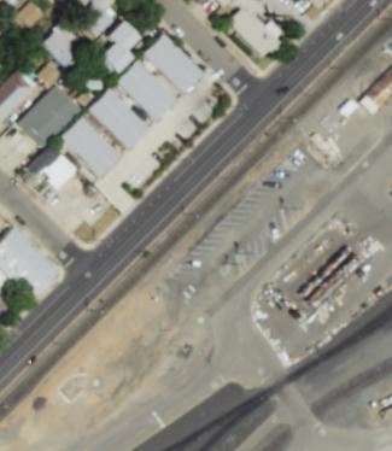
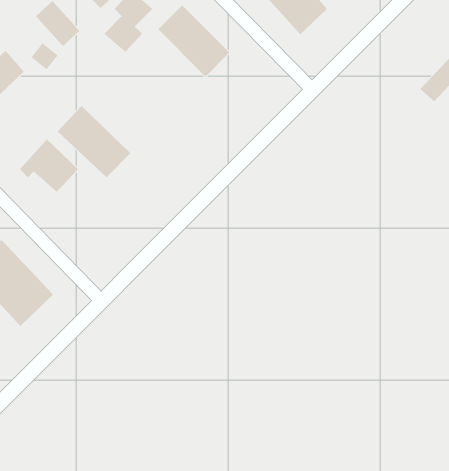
building: [116,60,176,121] -> none
building: [17,84,81,147] -> none
building: [87,88,148,150] -> none

